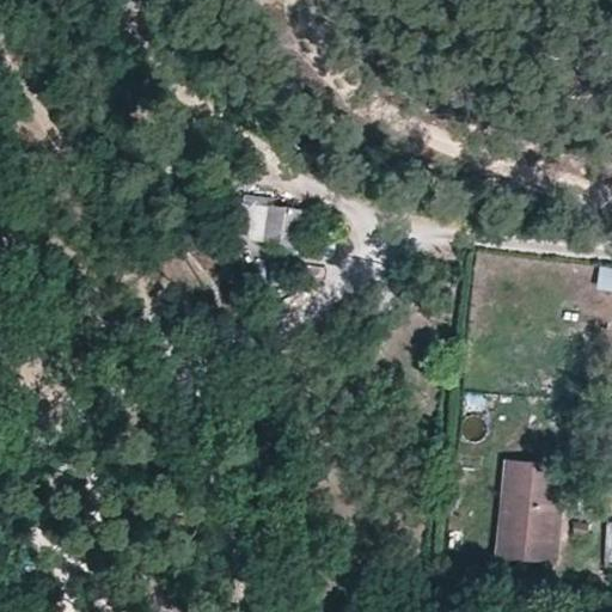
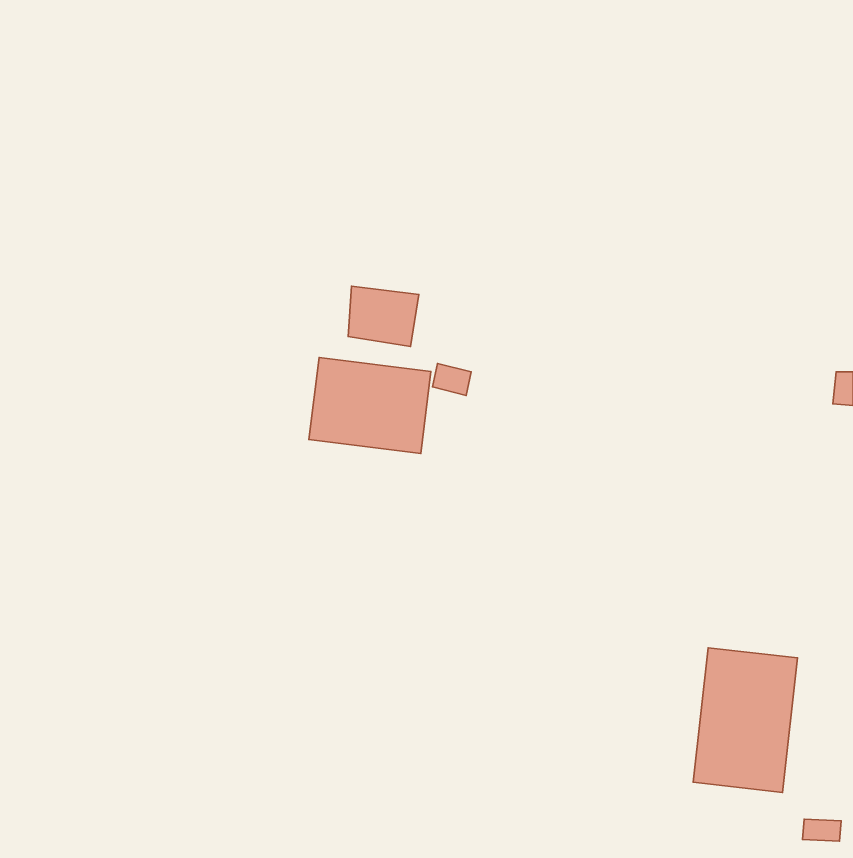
building: none -> [309,358,431,454]

